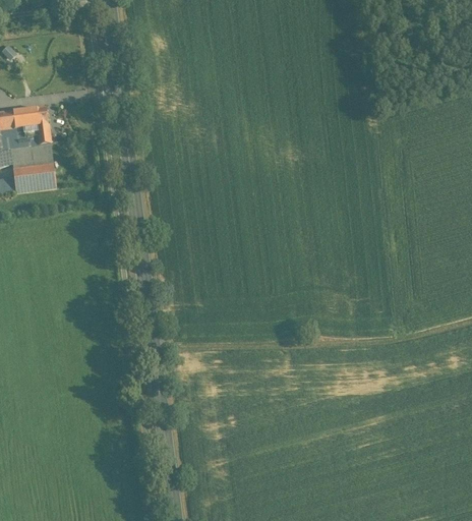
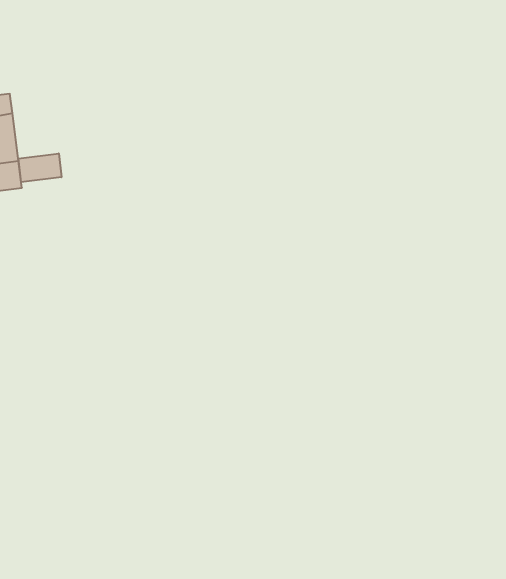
building: none -> [19,153,61,182]

